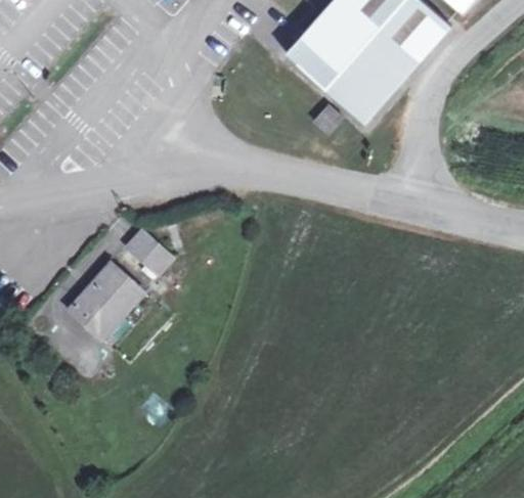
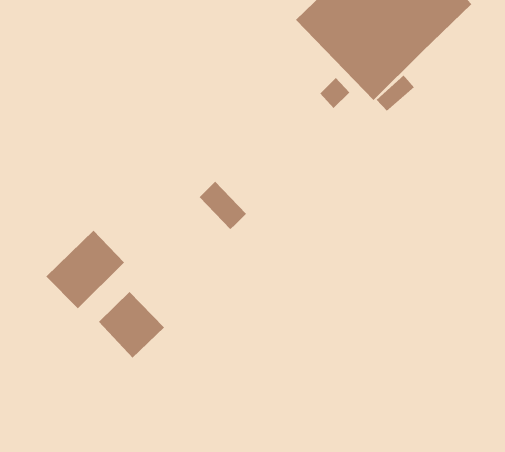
building: [126,229,172,274] -> [199,181,247,230]
building: none -> [98,291,165,359]

